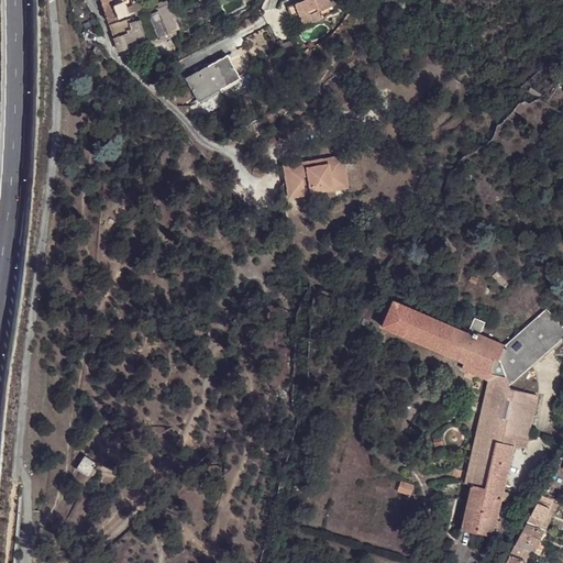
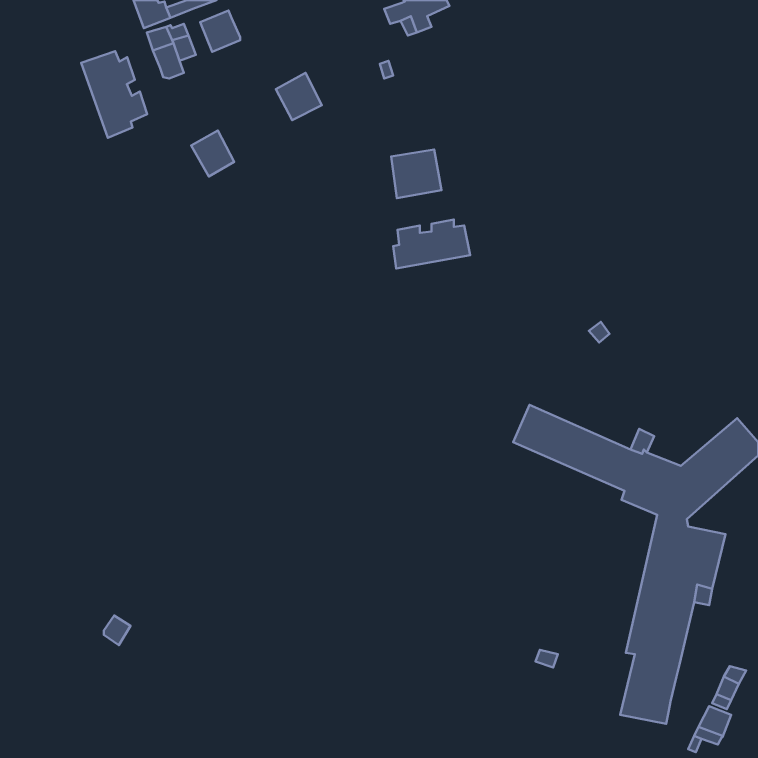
building: none -> [81,51,147,138]
building: [185,66,217,100] -> [191,131,234,177]
building: none -> [391,150,442,198]

